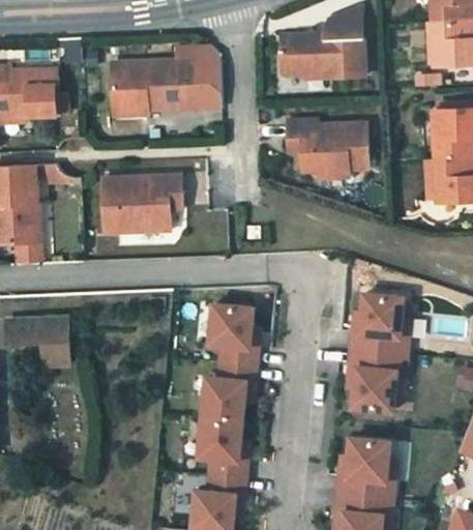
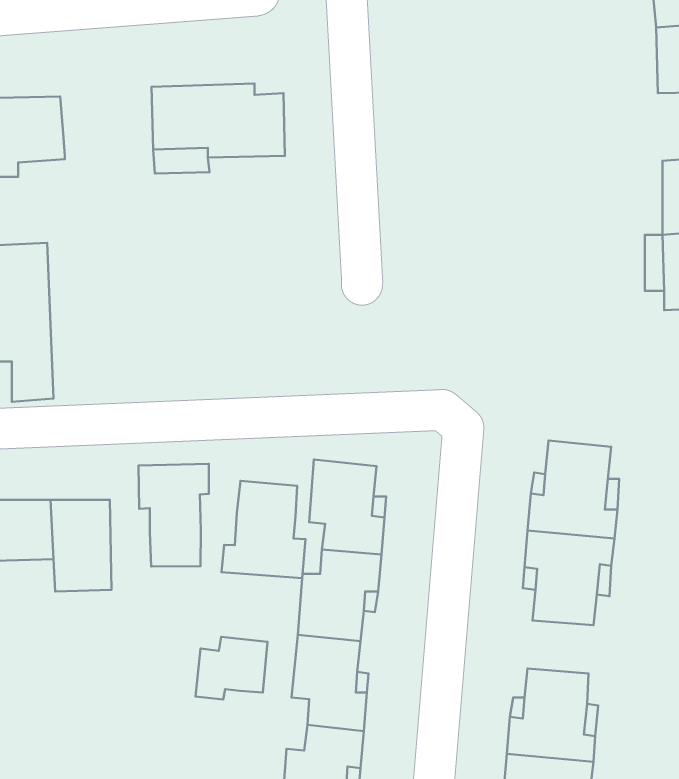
building: [280,11,361,83] -> none
building: [174,47,216,107] -> none
building: [287,116,365,168] -> none
building: [107,176,185,230] -> none
building: none -> [138,464,209,566]
building: none -> [221,481,305,578]
building: none -> [195,637,267,699]

